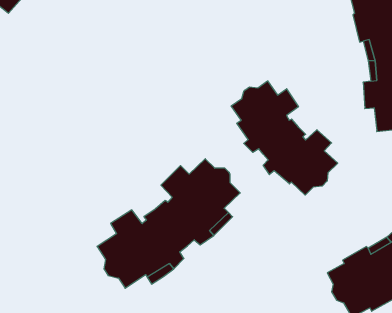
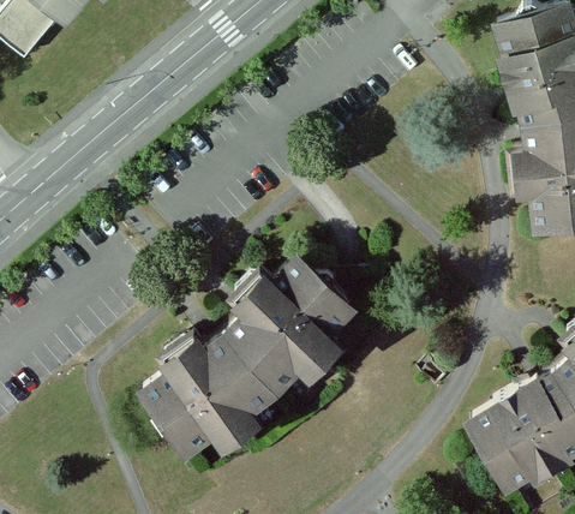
building: [231,81,338,195] -> none

